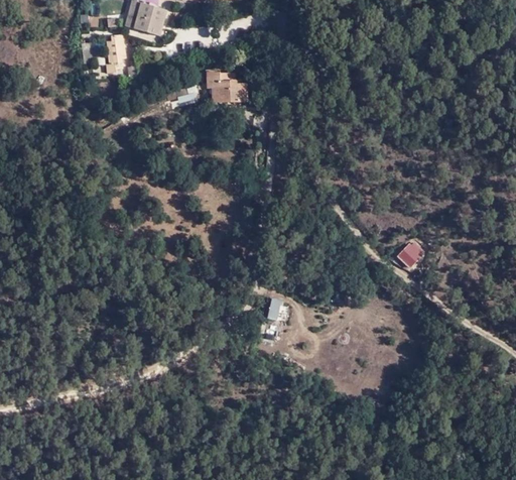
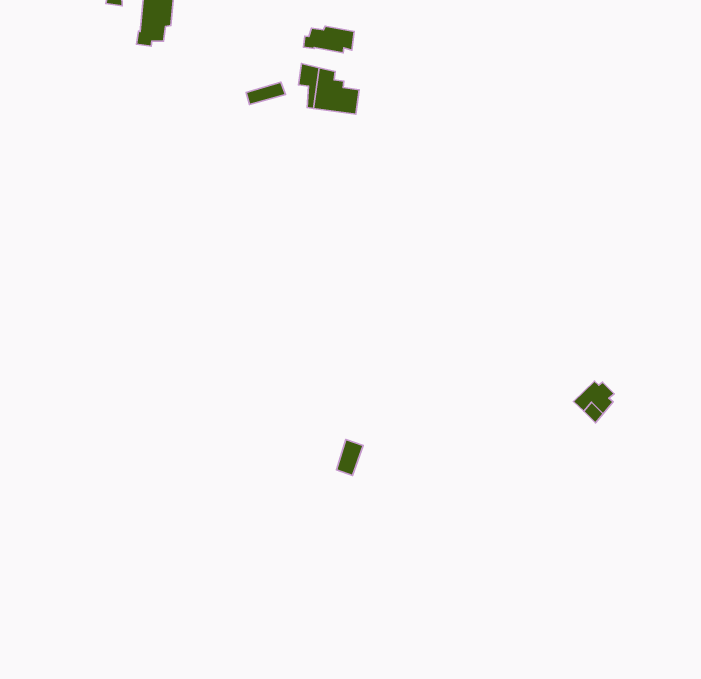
building: none -> [303,26,354,53]

